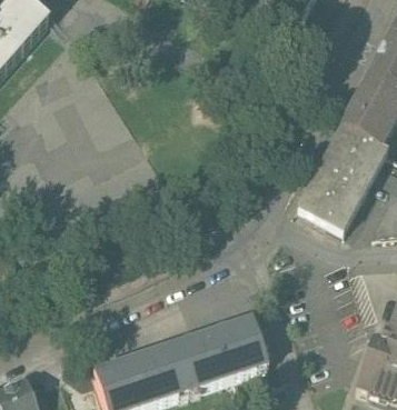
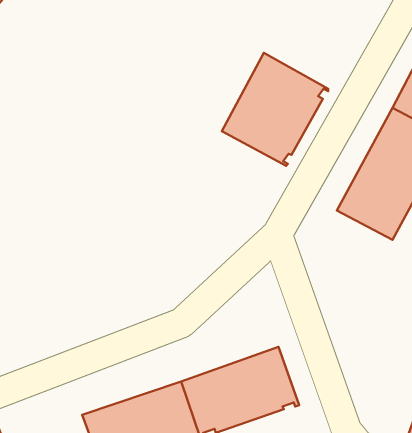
building: none -> [222,53,328,166]

